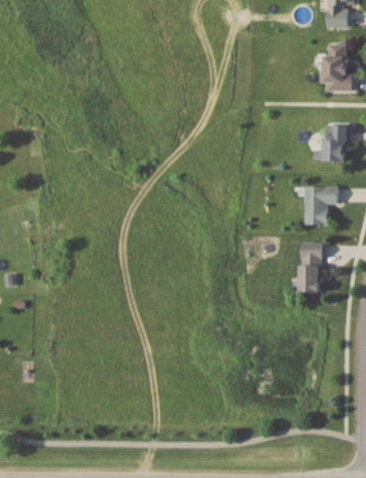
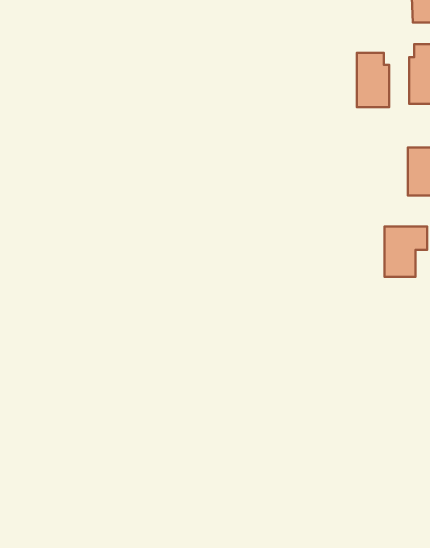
building: none -> [357,53,389,107]
building: [300,243,321,293] -> none

